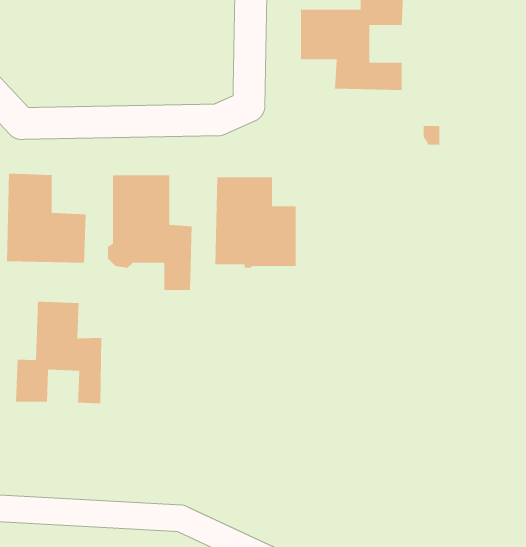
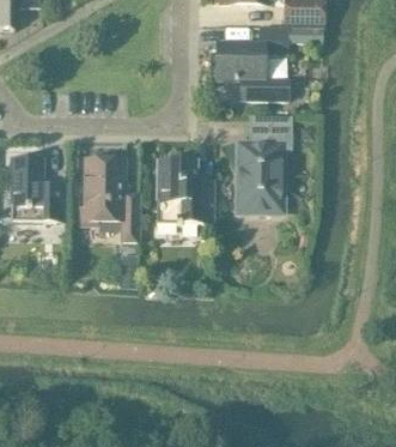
building: none -> [236,114,292,213]
building: [15,301,102,404] -> none

